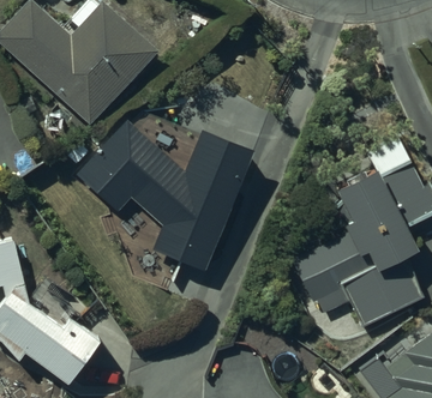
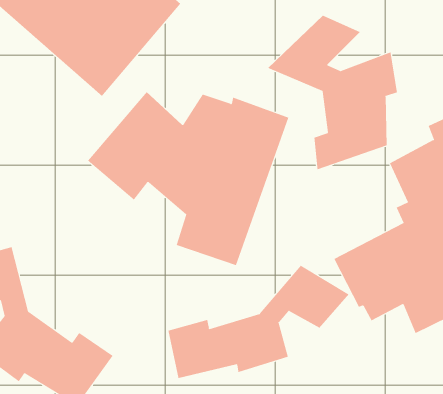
building: none -> [267,15,398,170]
building: none -> [168,265,350,379]

